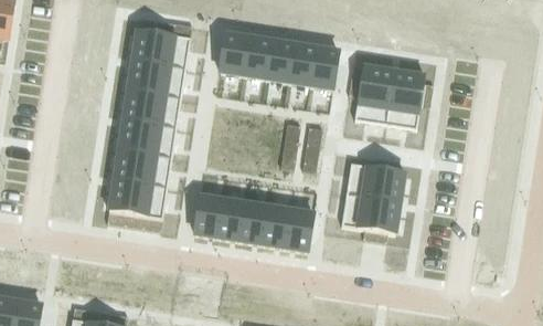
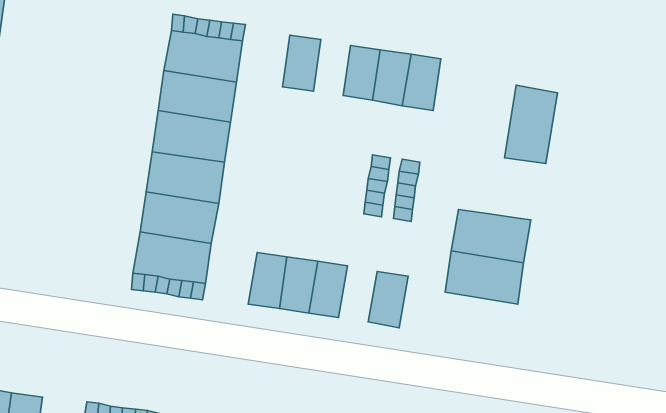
building: [244,35,272,77] -> none
building: [355,65,395,124] -> none
building: [263,204,291,246] -> none

